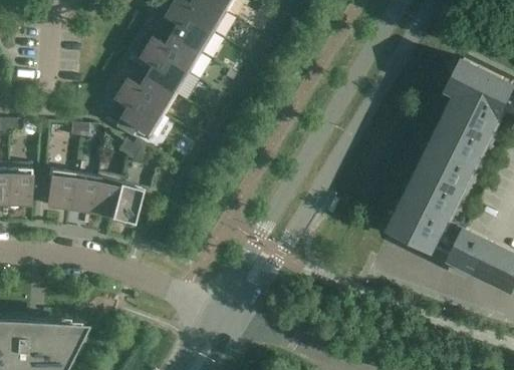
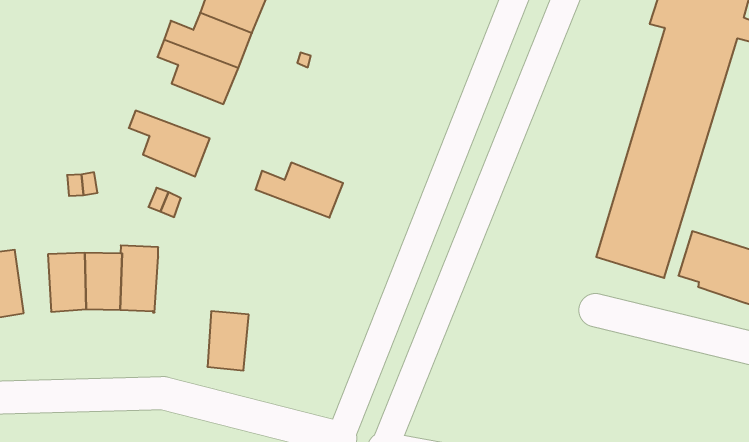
building: [118,77,174,115] -> [255,163,343,218]
building: [109,183,141,224] -> [207,311,249,370]

